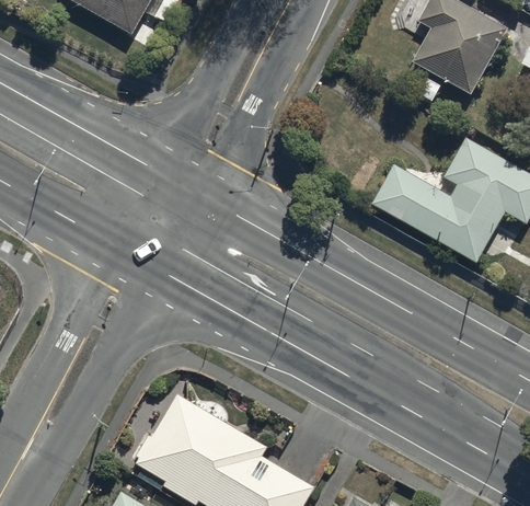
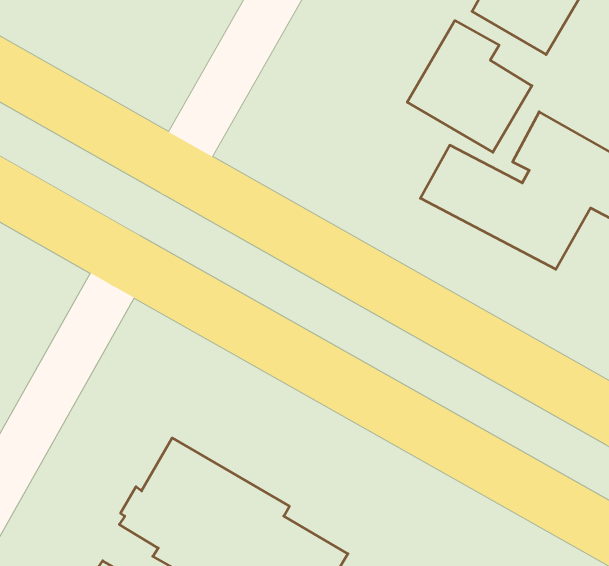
building: none -> [407,21,532,152]

